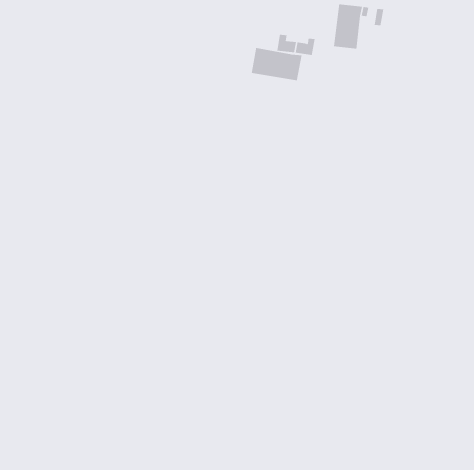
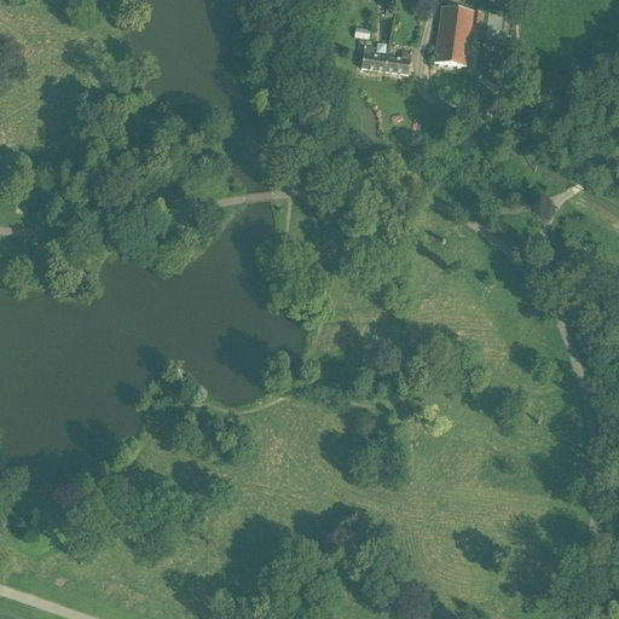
building: [251,47,302,81] -> none

